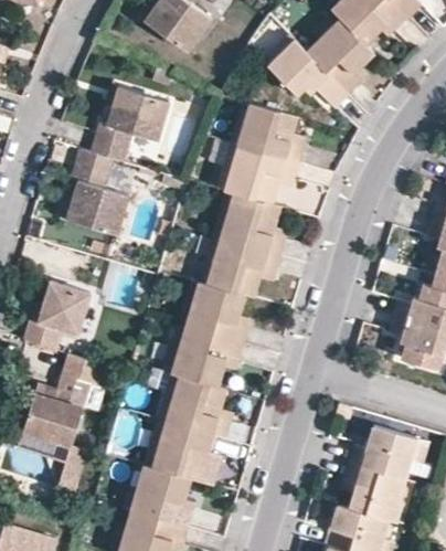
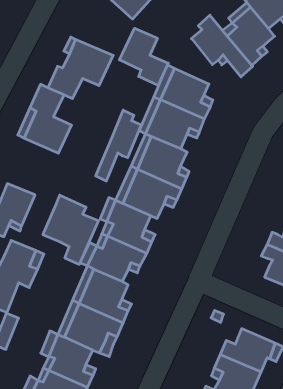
building: none -> [119,28,168,85]
building: none -> [96,110,141,181]
building: none -> [43,195,98,264]

